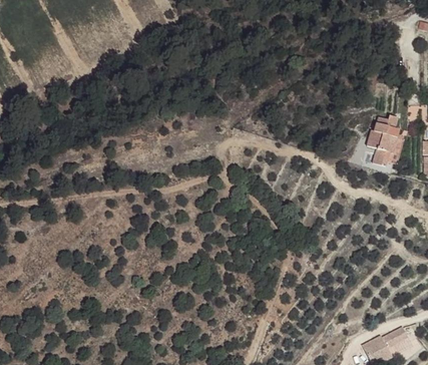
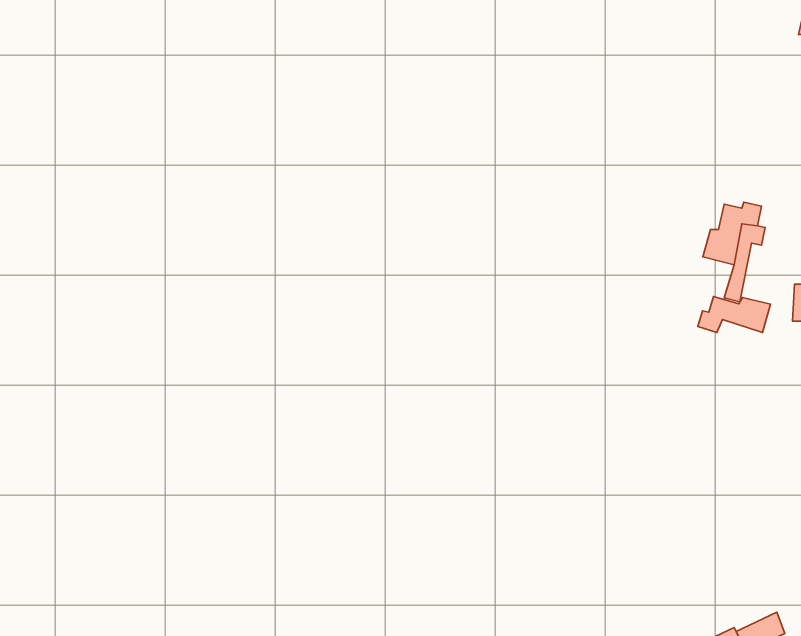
building: none -> [698,296,770,333]

